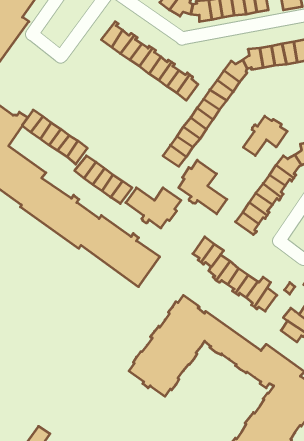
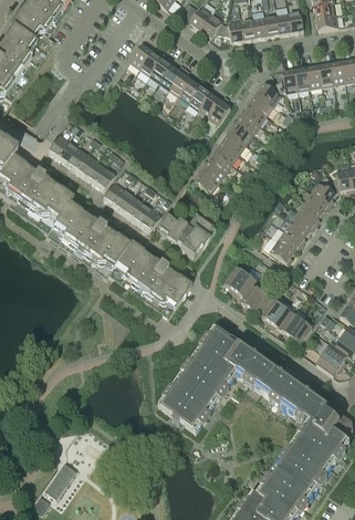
building: [243,116,287,156] -> none
building: [179,160,227,214] -> none

